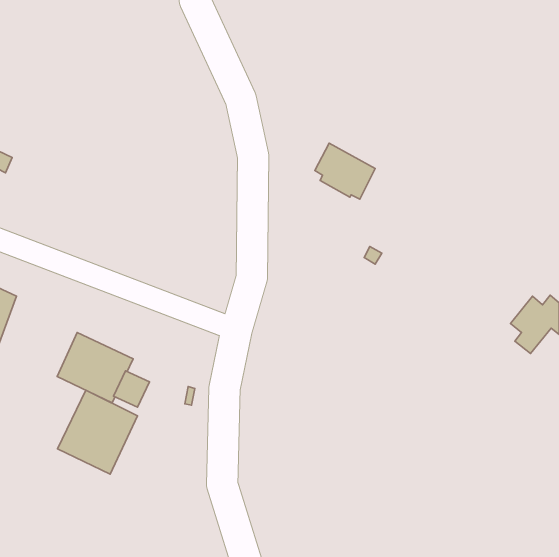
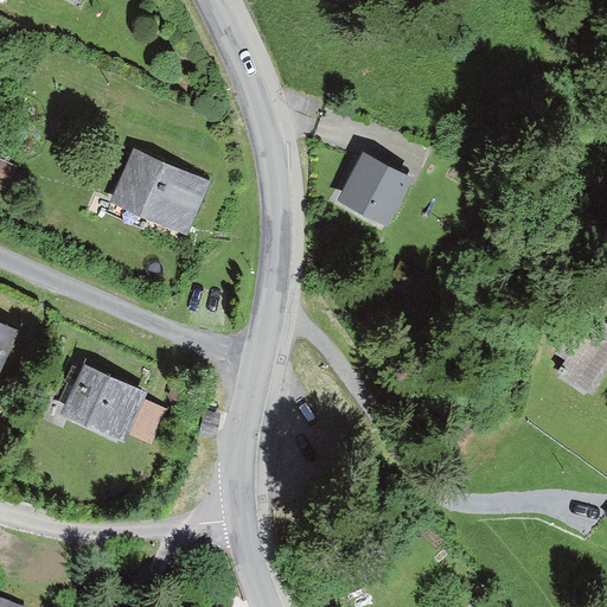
building: none -> [122,166,193,223]
building: [58,390,138,474] -> none

